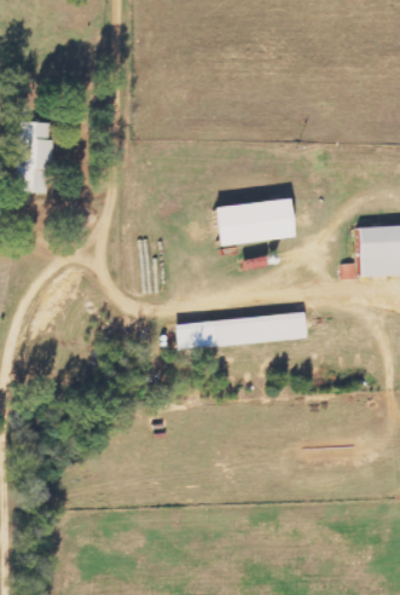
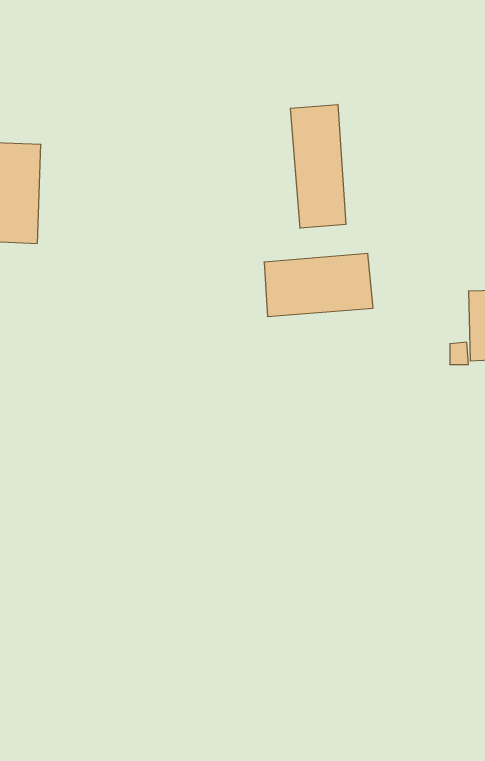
building: none -> [290,104,346,228]
building: [174,313,306,348] -> none

